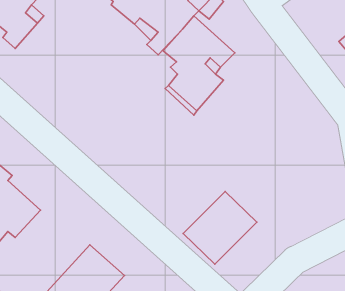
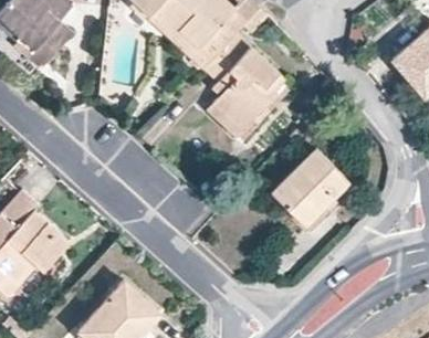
building: [183,192,257,264] -> [270,149,349,228]

